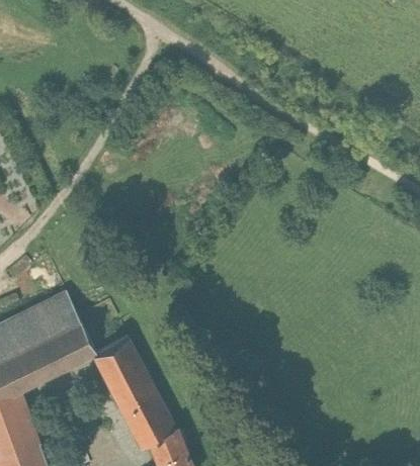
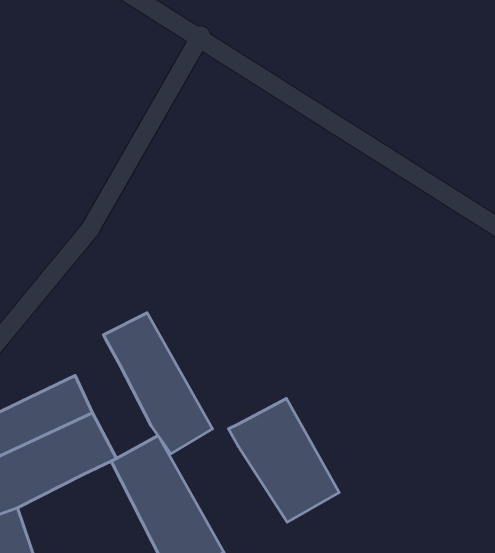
building: none -> [103,313,212,454]
building: none -> [228,399,339,522]

